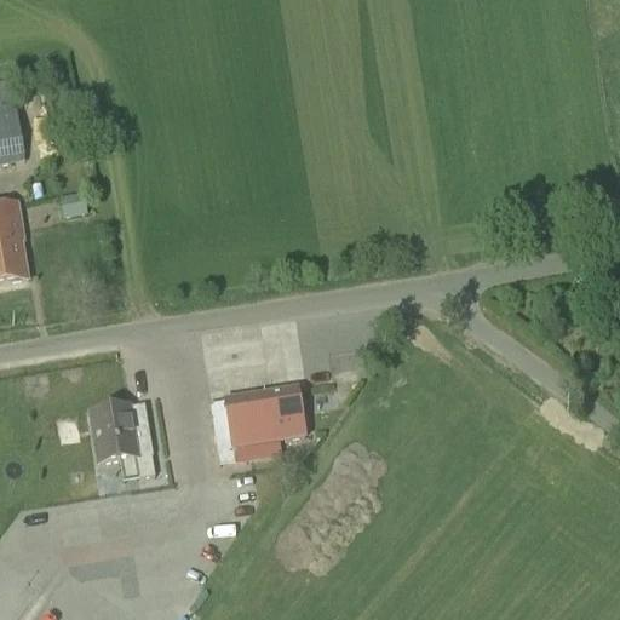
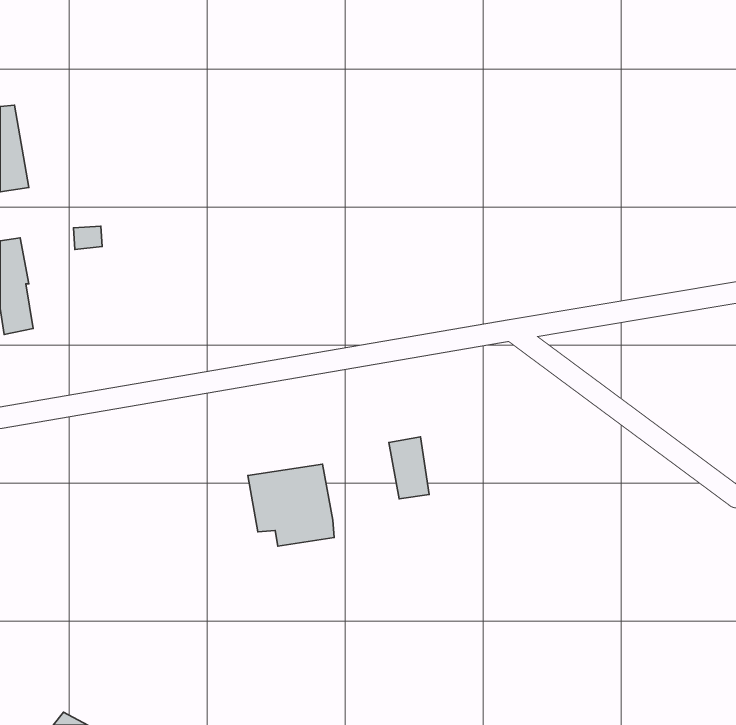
building: [271,385,305,437] -> [389,437,429,499]
building: [90,402,154,475] -> none

